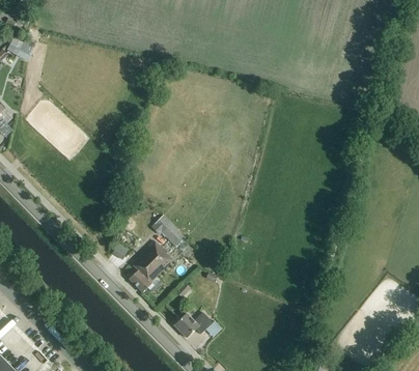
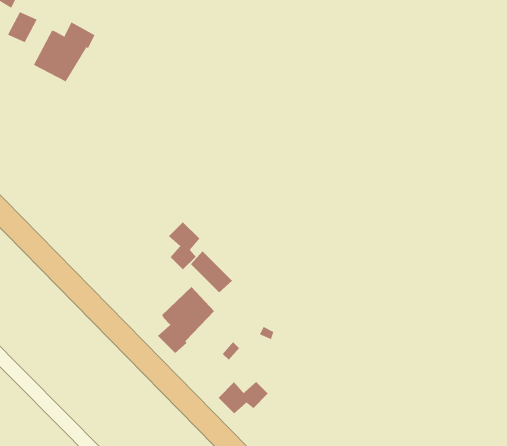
building: none -> [33,22,95,82]
building: none -> [168,221,200,270]

